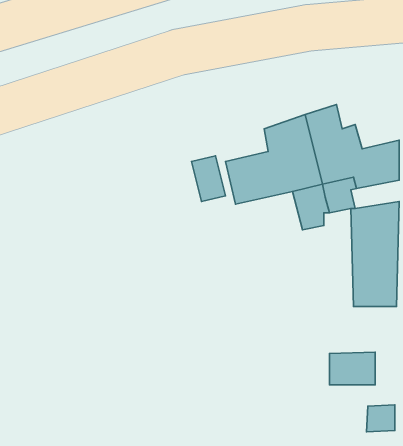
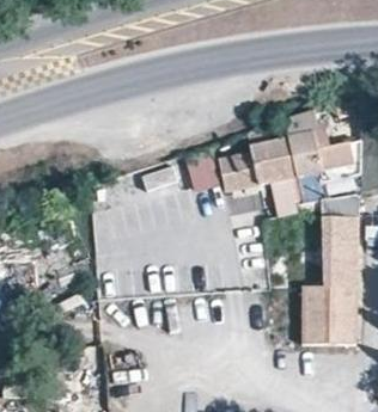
building: none -> [301,283,358,345]

